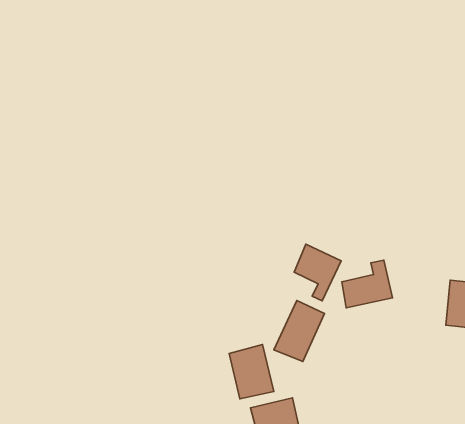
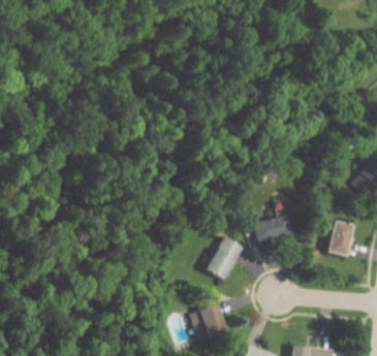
building: [294,244,341,301] -> none
building: [229,345,274,399] -> none

